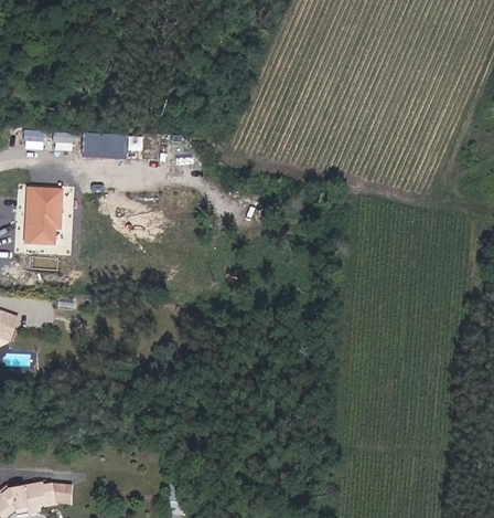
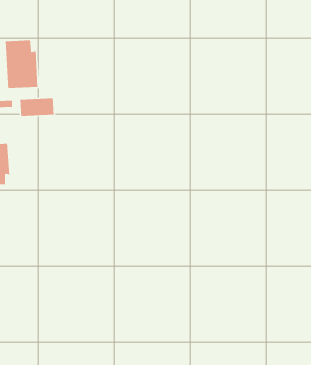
building: none -> [5,40,38,89]

